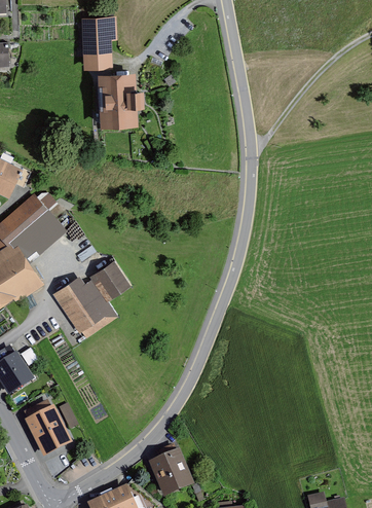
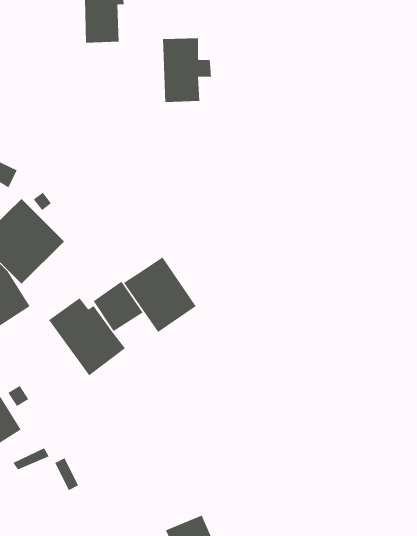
building: [102,75,142,128] -> [162,38,212,103]
building: none -> [123,257,197,333]
building: [25,408,72,459] -> none

